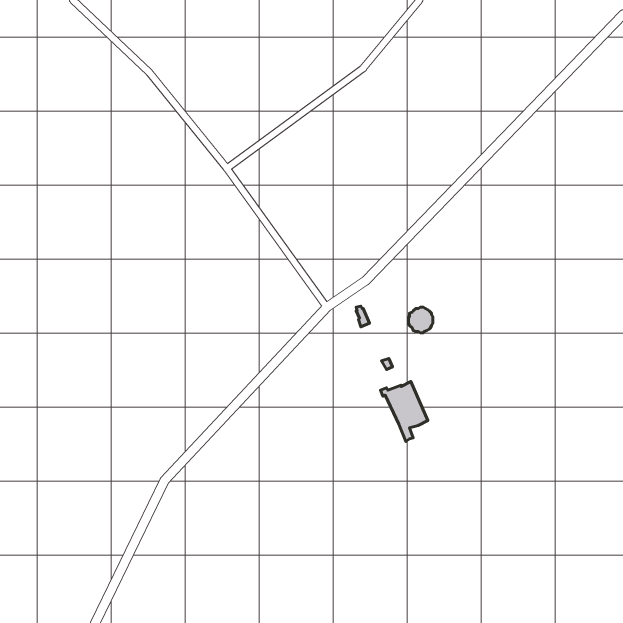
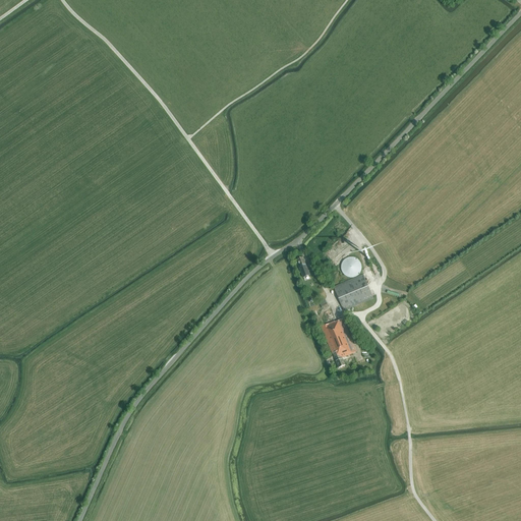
building: none -> [334,275,373,310]

